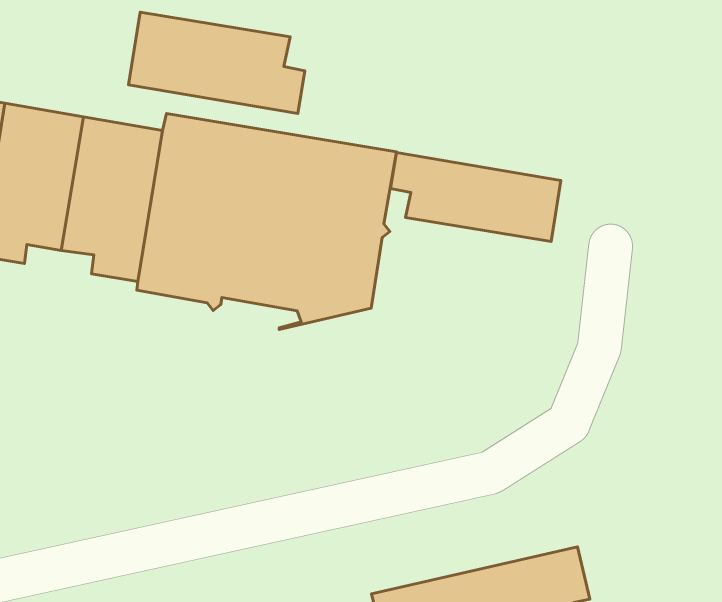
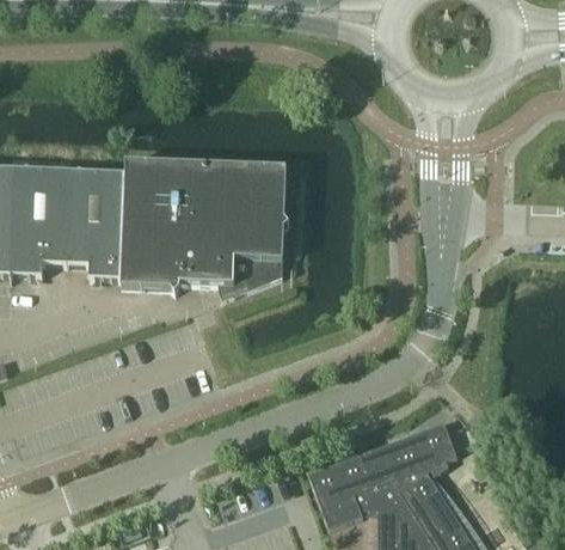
building: [129,12,305,114] -> none
building: [390,153,561,242] -> none

